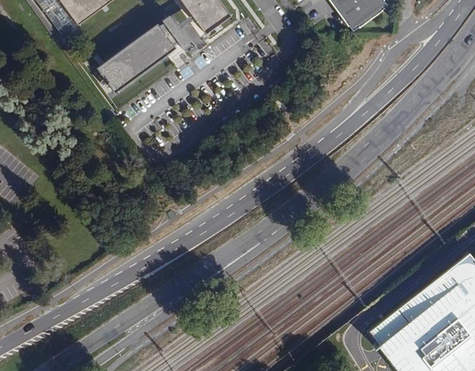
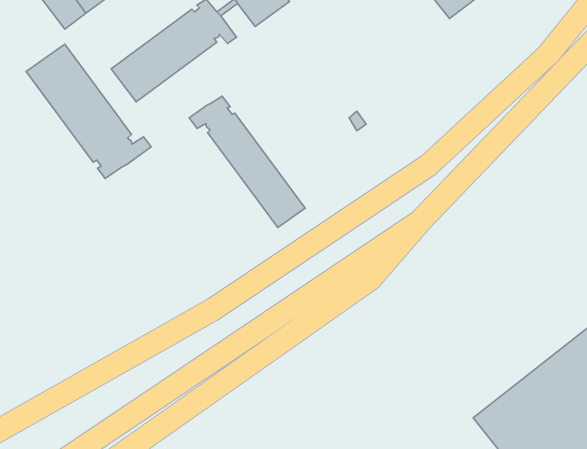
building: none -> [26,44,151,178]
building: none -> [189,96,305,228]

